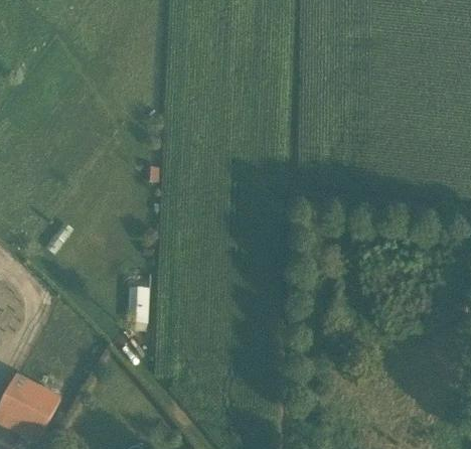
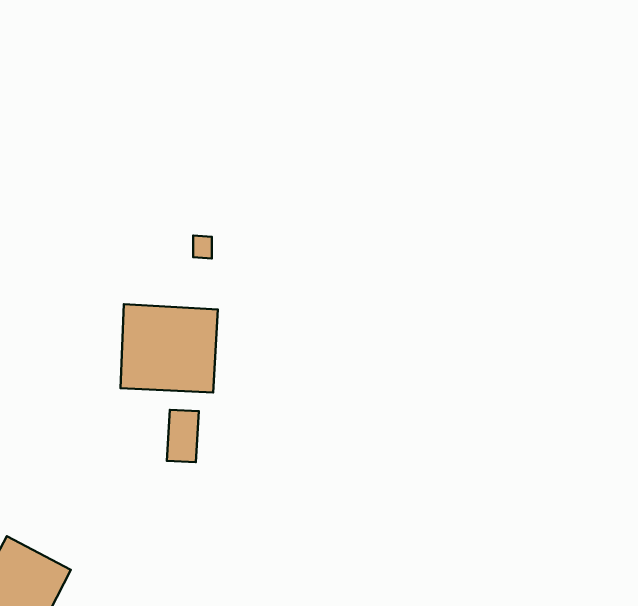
building: none -> [120,304,218,393]

